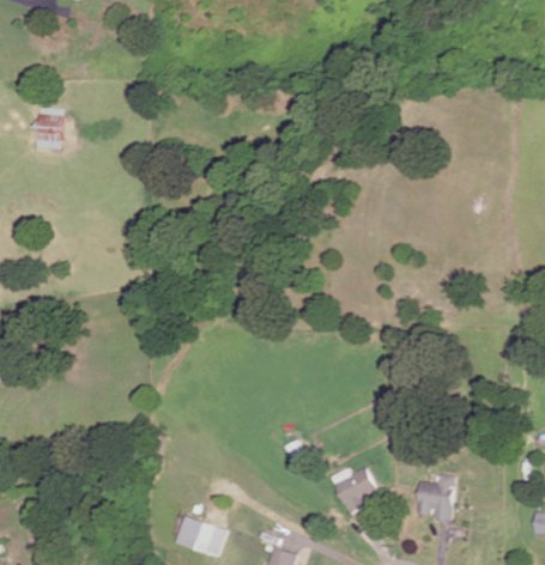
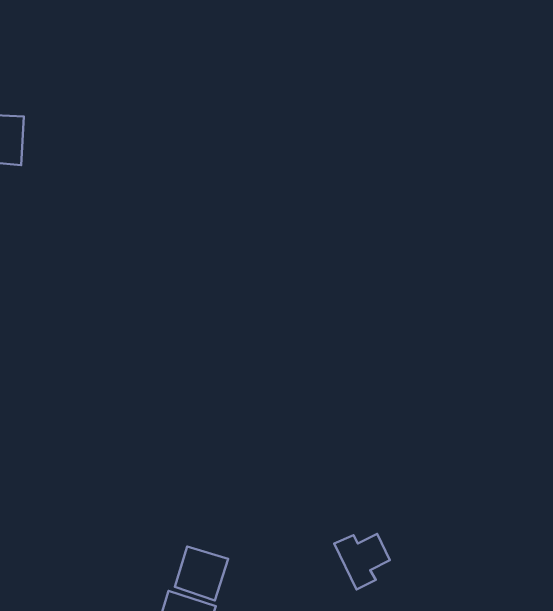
building: [417,475,455,520] -> none
building: none -> [175,546,228,600]

